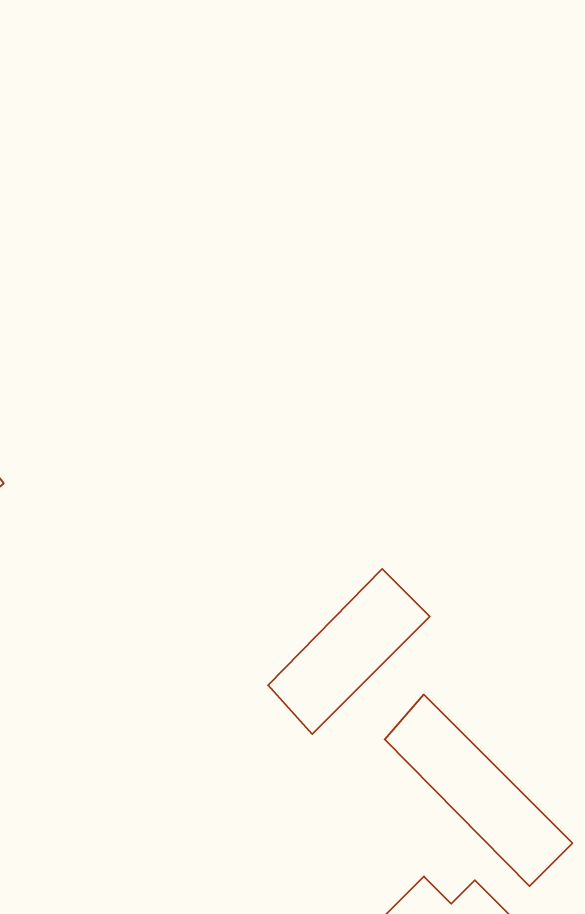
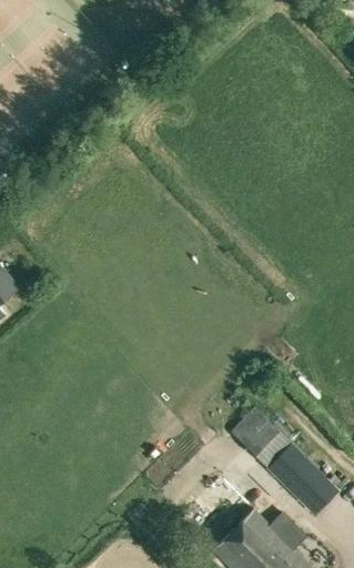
building: [268,569,430,734] -> none

